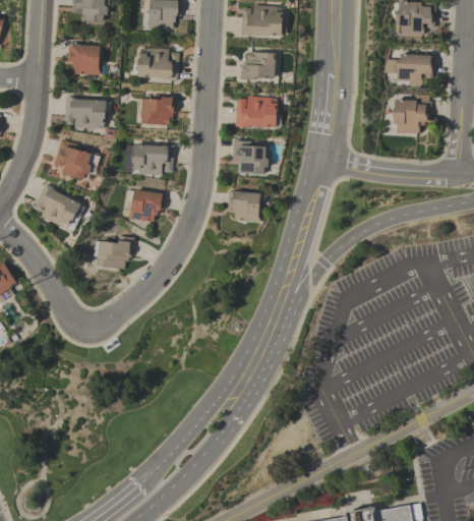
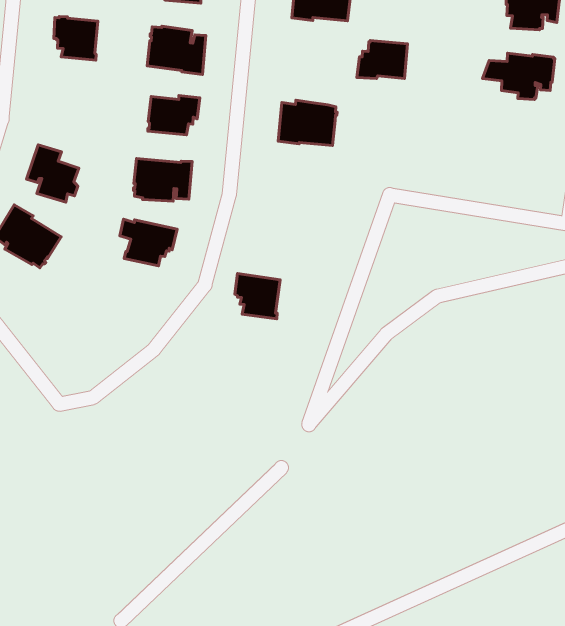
building: [240,52,276,79] -> [357,41,408,79]
building: [64,97,106,129] -> none
building: [393,99,431,133] -> none
building: [233,140,269,173] -> none
building: [228,190,260,222] -> [235,273,280,319]
building: [93,236,134,269] -> none

